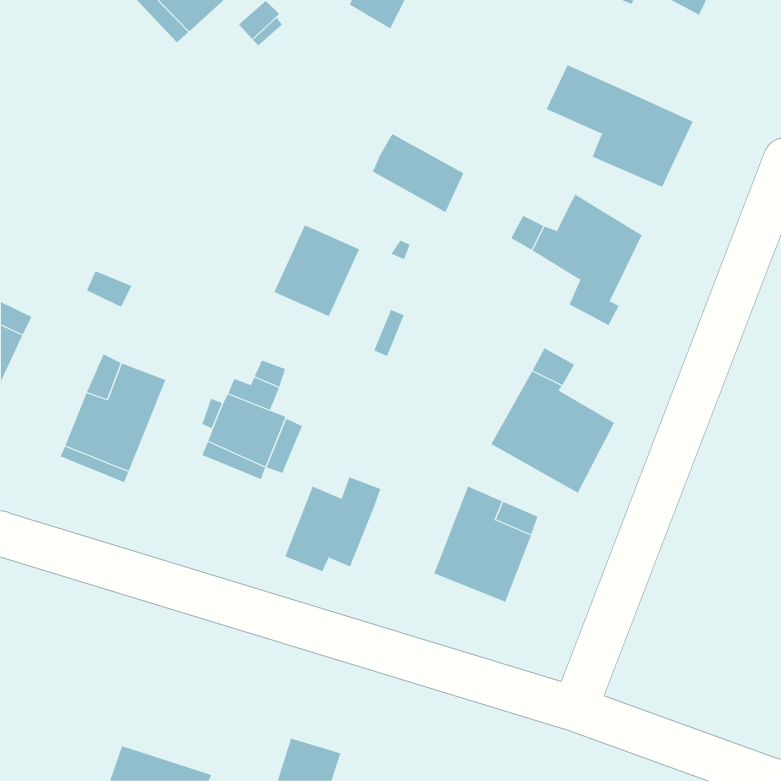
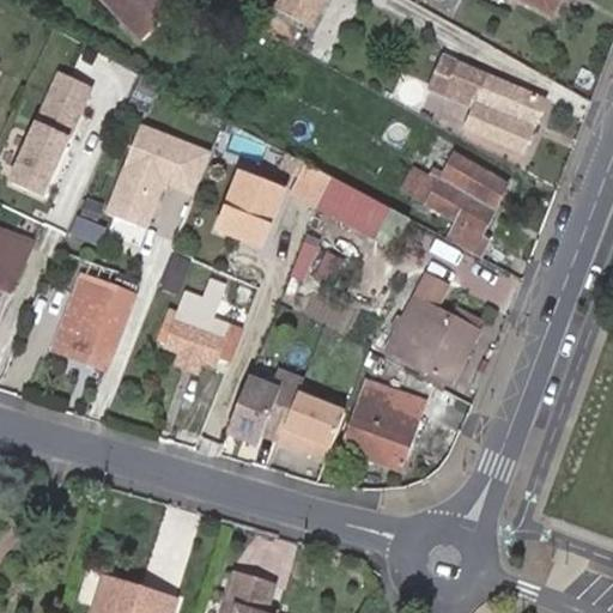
building: none -> [12,73,99,202]
building: [372,133,464,213] -> [320,176,392,238]
building: none -> [105,122,210,225]
building: none -> [277,394,344,461]

